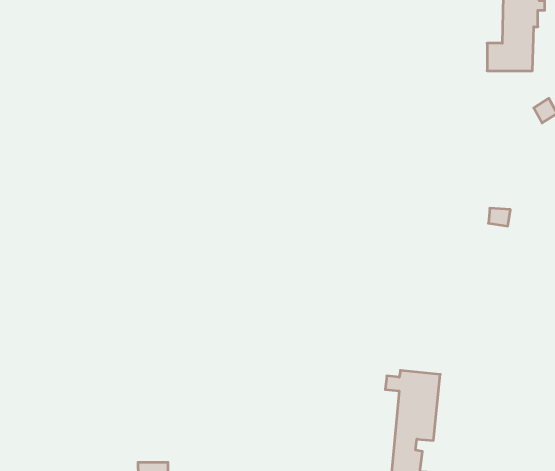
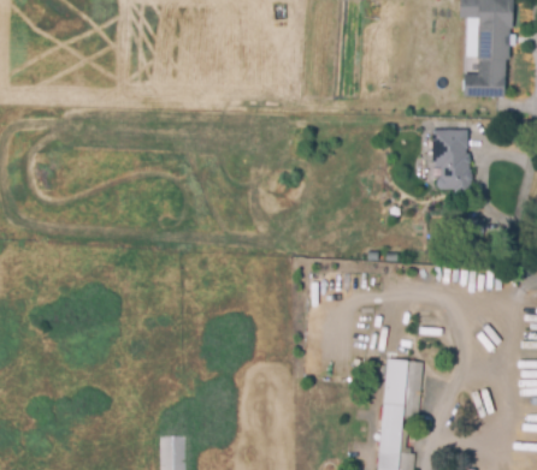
building: none -> [432,129,471,192]

